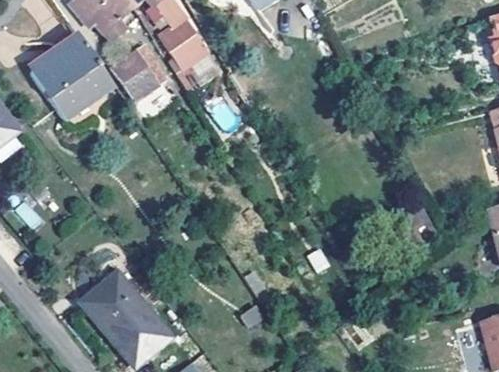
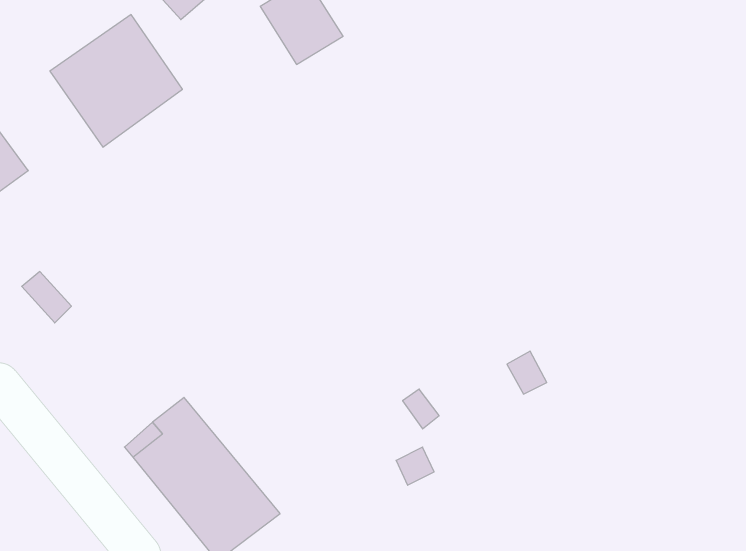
building: [111,50,160,103] -> none

